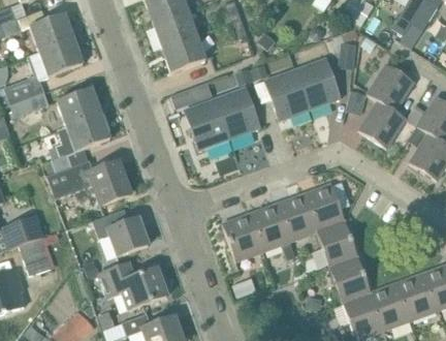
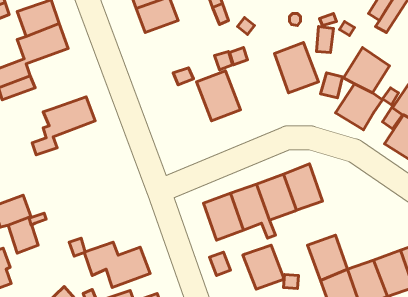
building: [162,34,205,72] -> none
building: [264,68,310,120] -> none
building: [57,87,101,125] -> none
building: [185,97,230,149] -> none
building: [46,159,130,204] -> none
building: [92,208,149,255] -> none
building: [316,220,358,266] -> [243,245,284,289]

